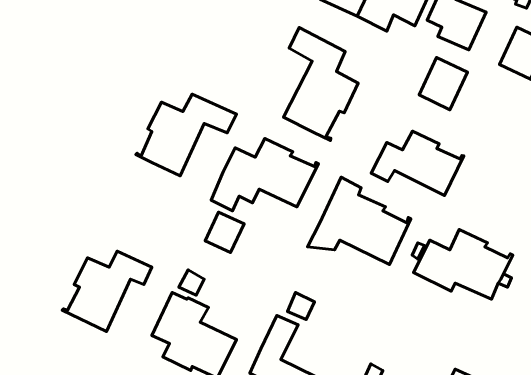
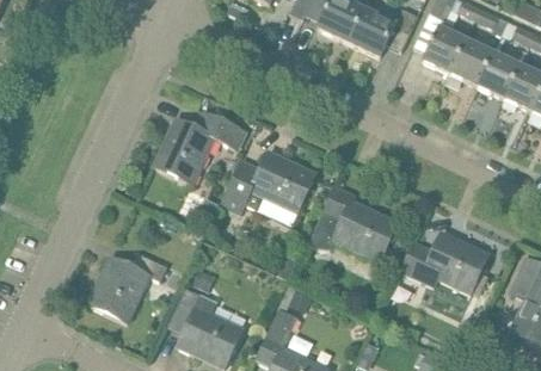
building: [283,28,358,140] -> none
building: [419,57,467,110] -> [449,38,492,85]
building: [371,131,464,196] -> none
building: [205,212,244,253] -> none

